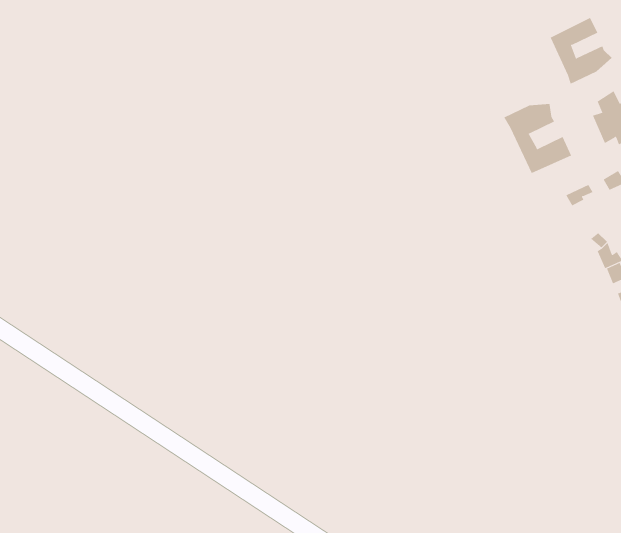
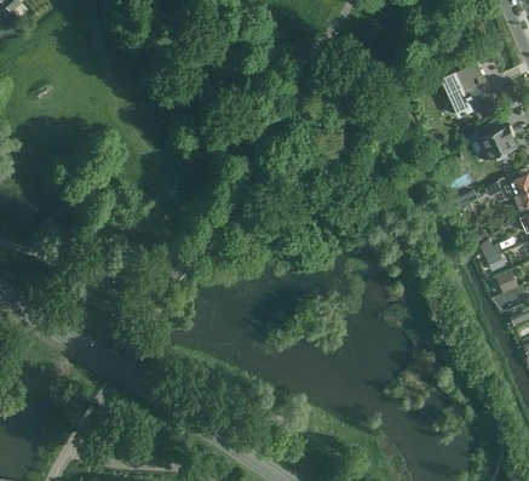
building: [504,103,572,174] -> none

